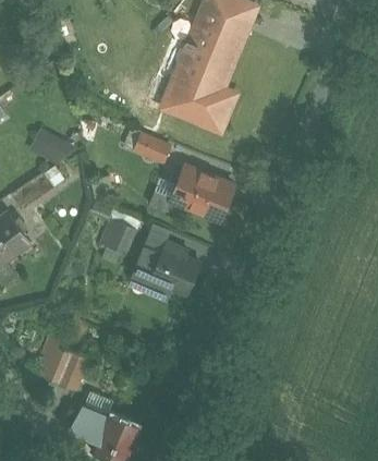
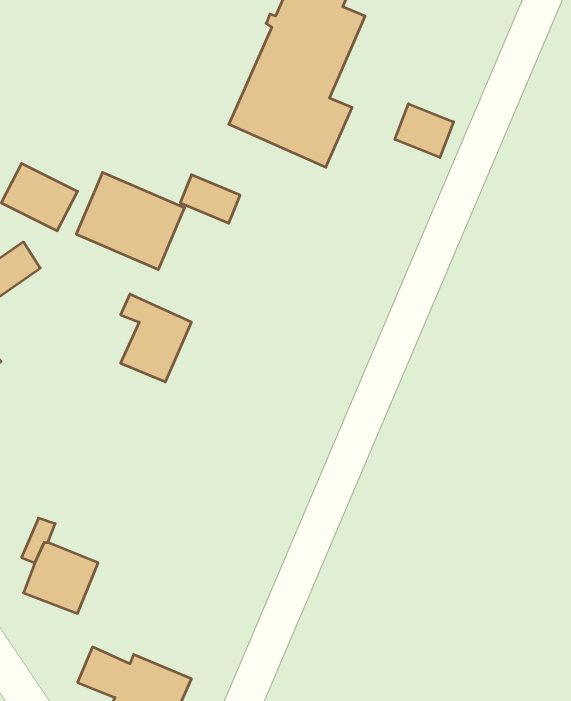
building: none -> [395,104,454,158]
building: [169,165,232,221] -> [76,172,185,270]
building: [133,242,199,298] -> none

